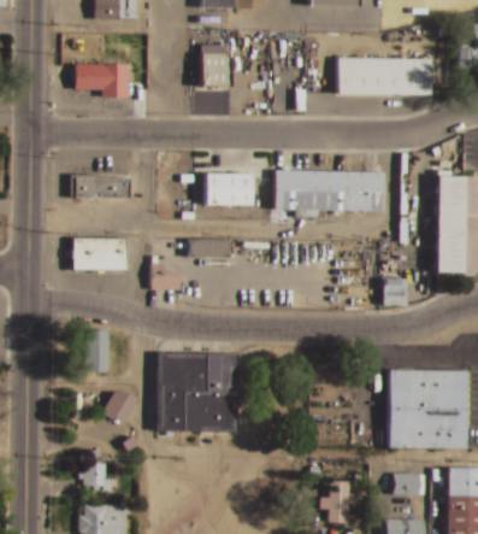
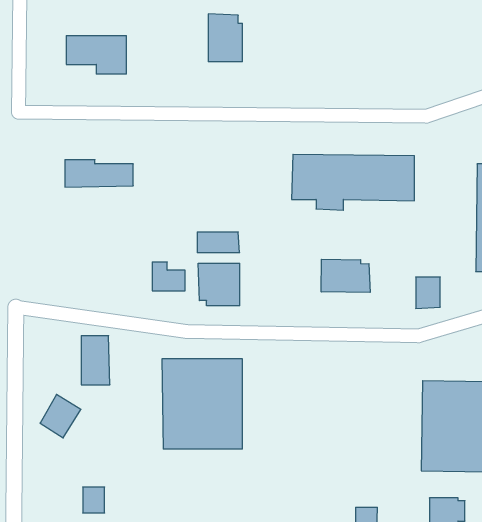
building: [337,59,429,94] -> none
building: [205,175,252,204] -> none
building: [72,241,125,270] -> none
building: none -> [321,259,370,292]
building: none -> [198,263,240,306]
building: [102,388,138,427] -> [40,394,81,438]

